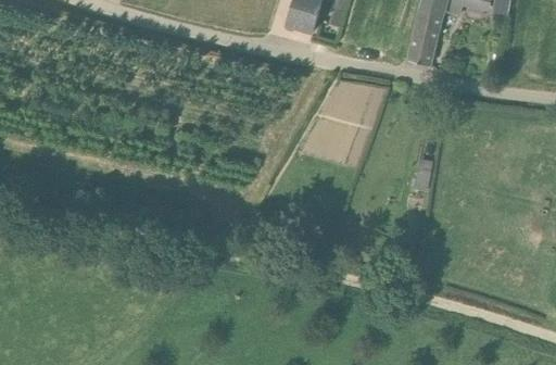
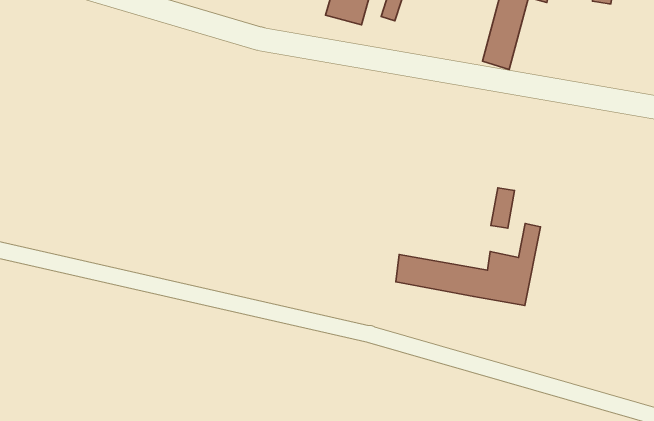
building: none -> [396,224,540,306]

